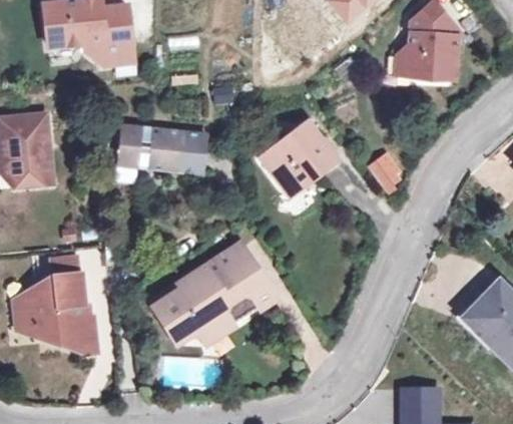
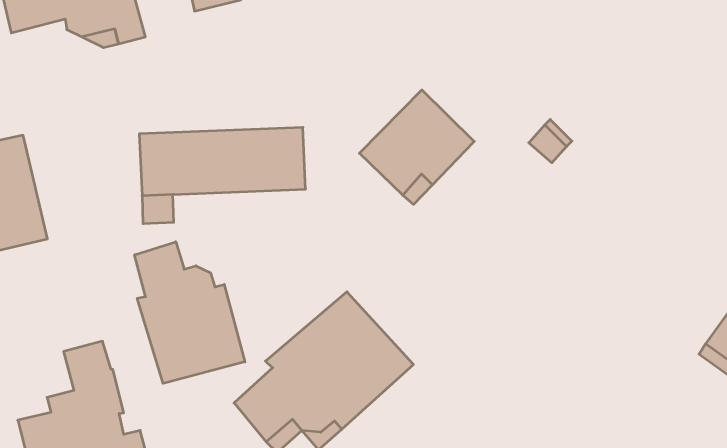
building: none -> [135,242,245,383]

